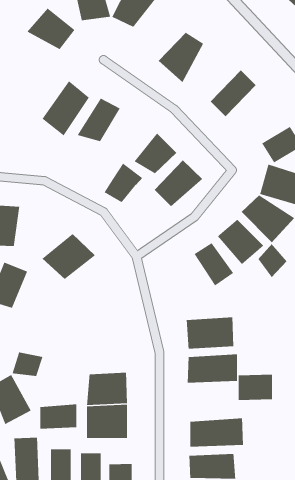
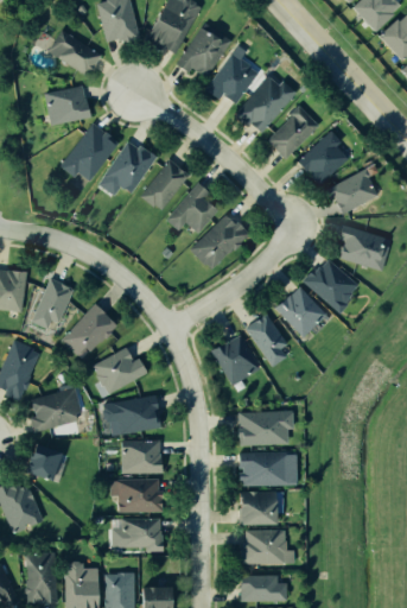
building: none -> [171,25,231,91]
building: none -> [231,71,299,141]
building: none -> [45,78,91,122]
building: none -> [292,125,357,189]
building: [103,162,143,203] -> [141,156,190,205]
building: none -> [25,274,82,334]
building: [257,243,288,278] -> none
building: none -> [212,328,262,385]
building: none -> [93,344,153,397]
building: none -> [23,382,87,435]
building: none -> [103,393,159,437]
building: [238,374,273,401] -> [237,493,280,526]
building: [39,403,77,430] -> [116,443,163,475]

